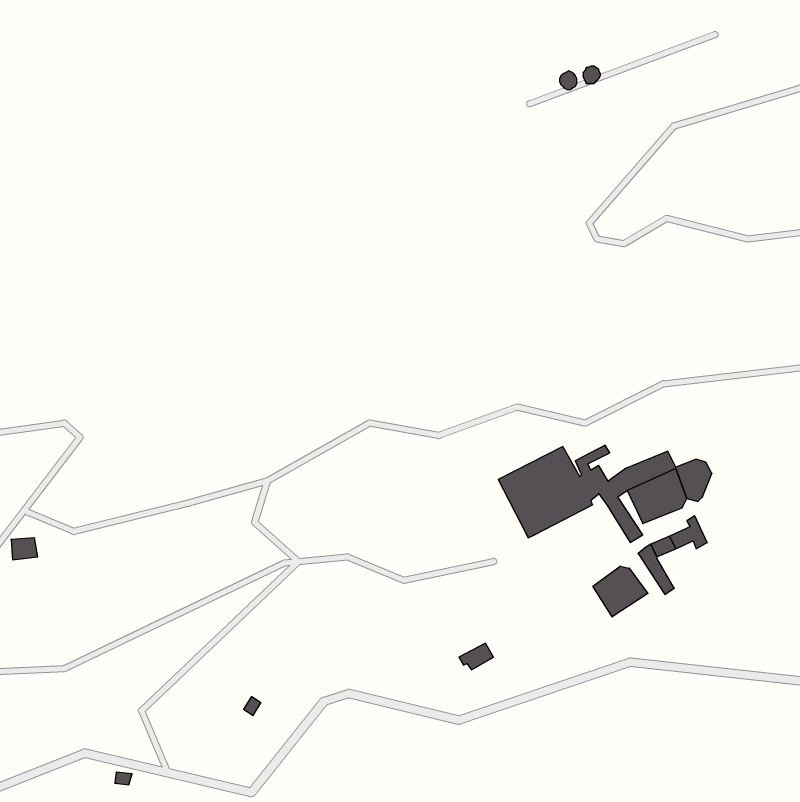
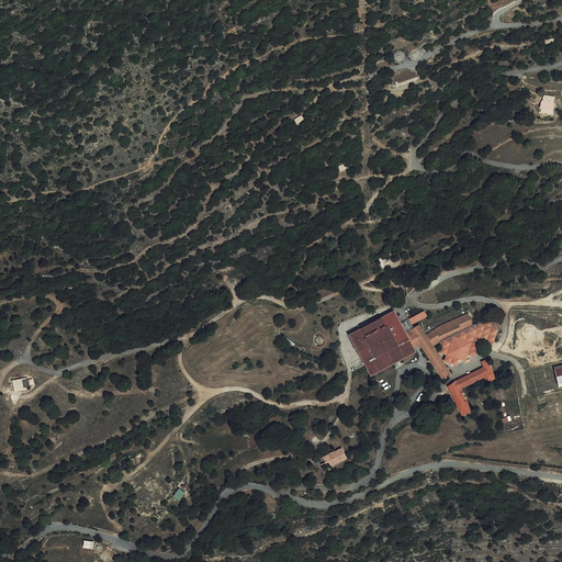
building: [593,566,648,617] -> none

